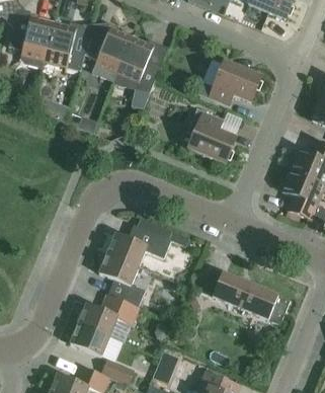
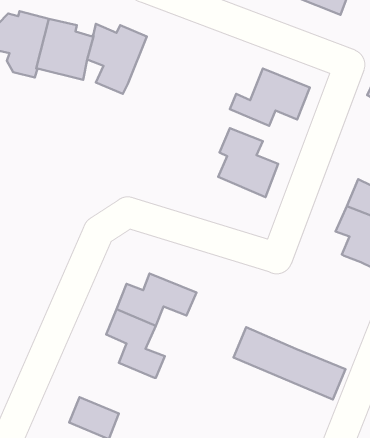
building: [112,35,166,90] -> none
building: [78,294,138,335] -> none

